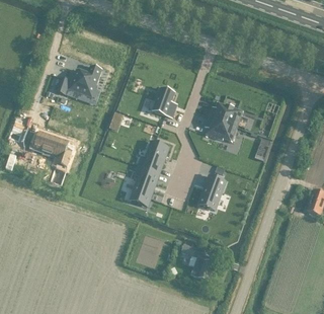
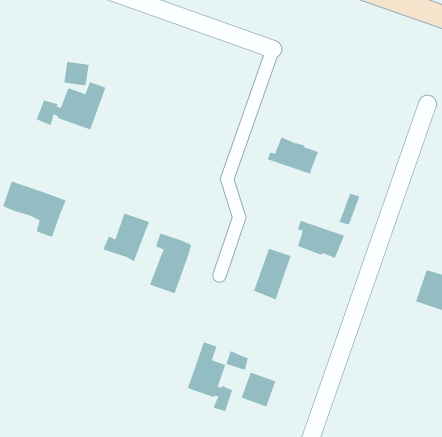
building: [152,86,175,117] -> none
building: [206,116,237,142] -> [297,220,345,258]
building: [137,141,168,173] -> [102,213,150,262]
building: none -> [187,342,233,412]

